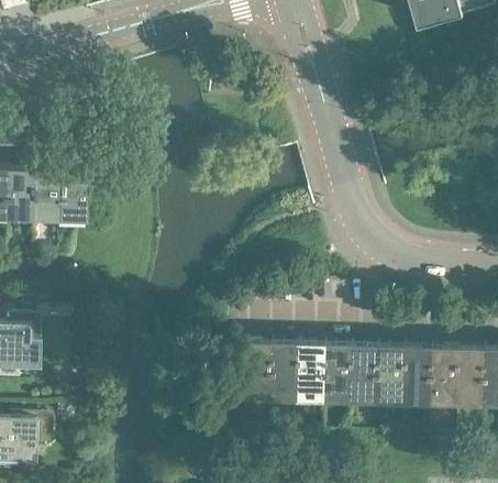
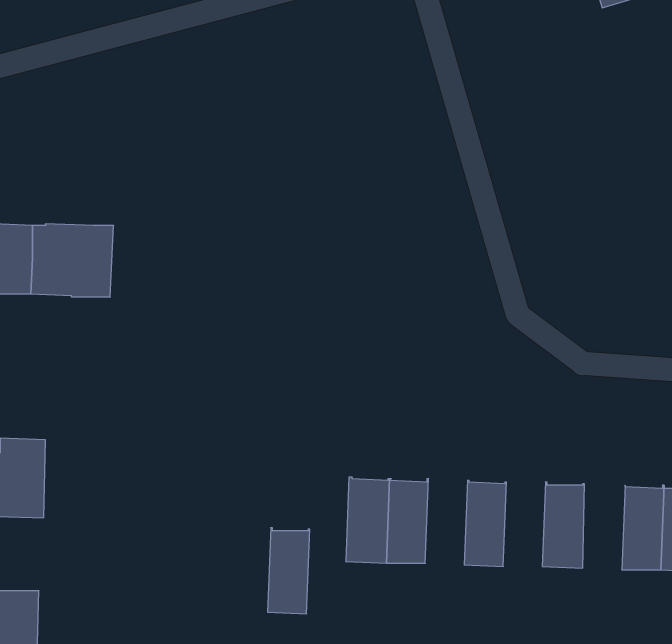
building: [296,344,324,403] -> [268,528,310,614]
building: [348,347,377,404] -> none
building: [402,348,431,406] -> none

